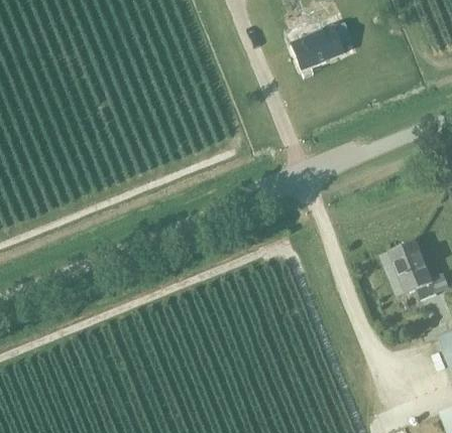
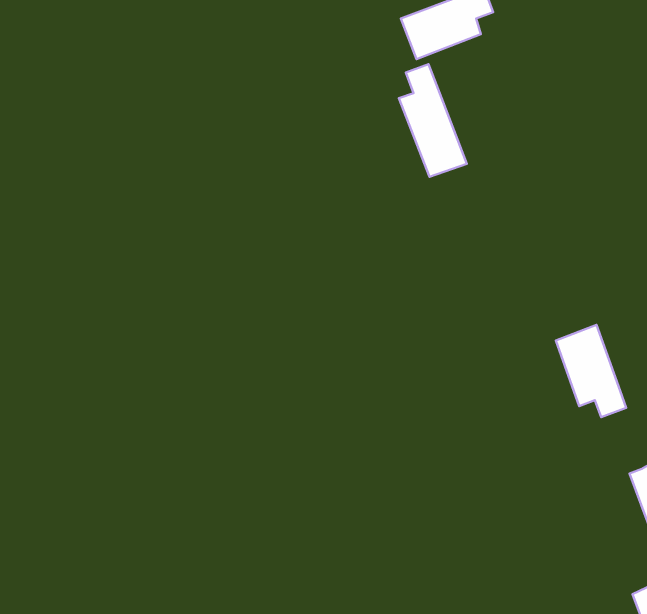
building: none -> [399,64,467,177]

